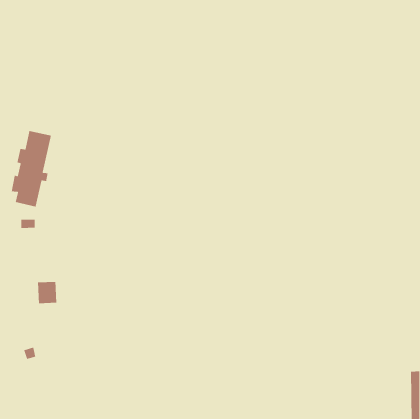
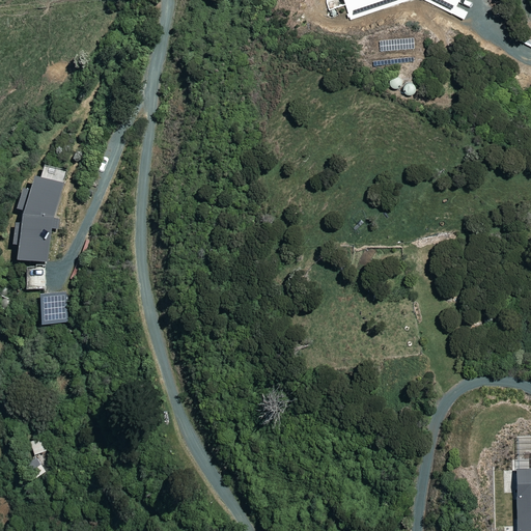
building: [37,281,57,304] -> [41,295,66,324]

